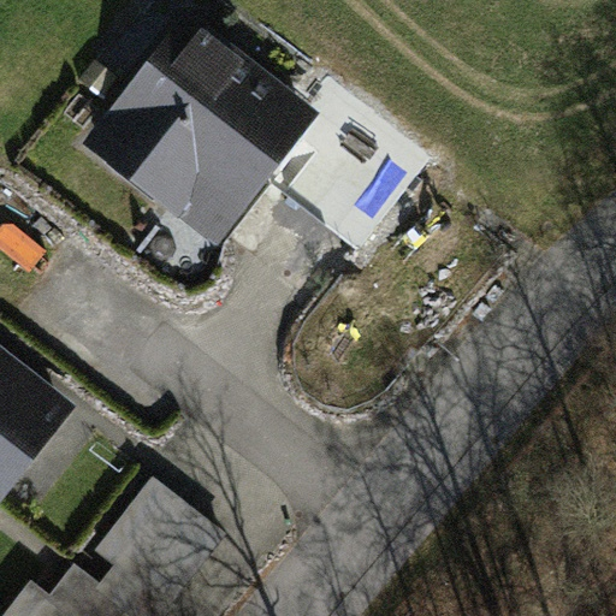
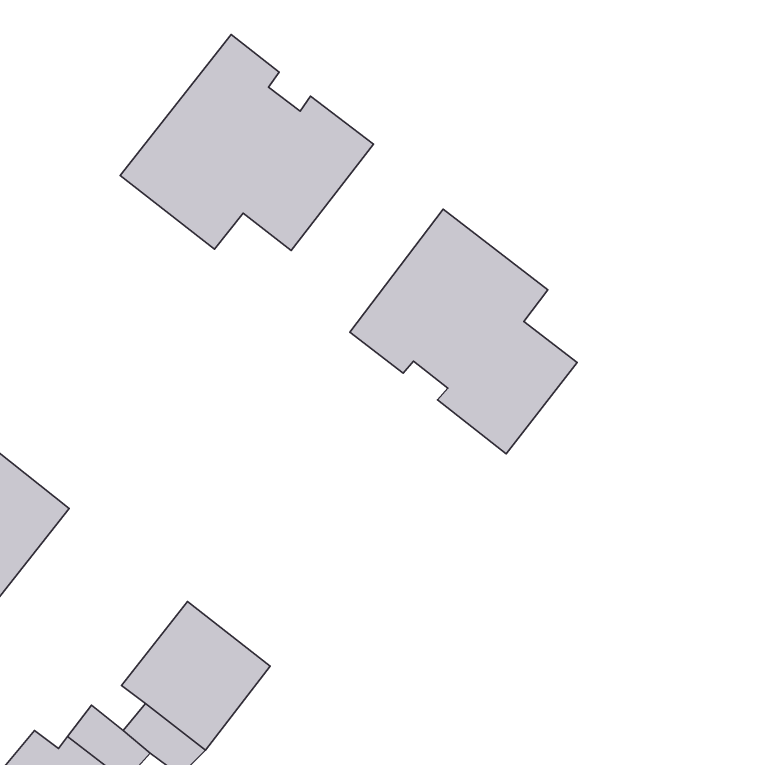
building: none -> [350,209,577,454]

